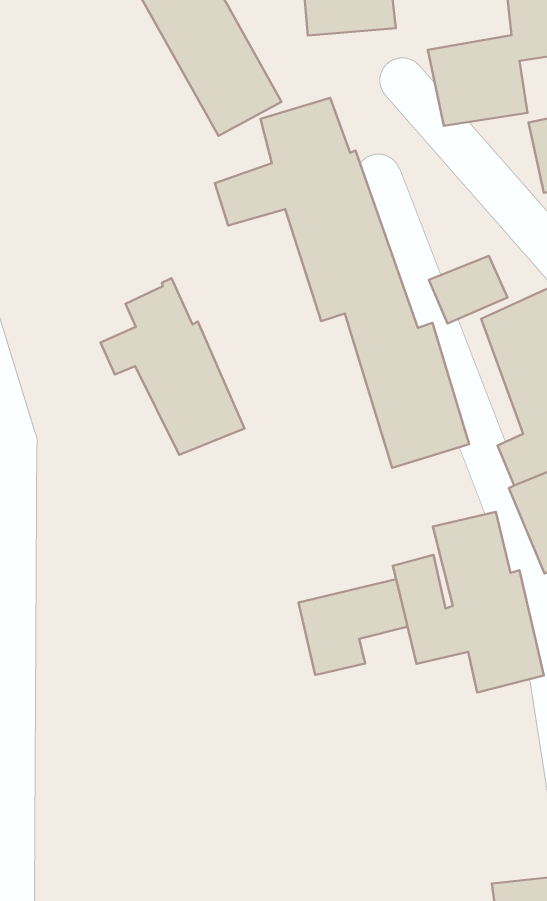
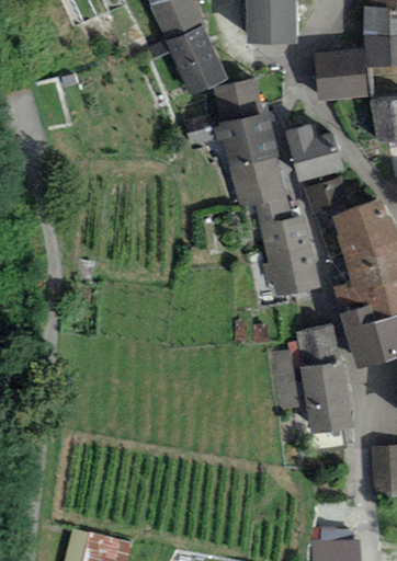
building: none -> [285,123,344,179]
building: [101,278,244,455] -> none
building: [298,579,407,675] -> none

